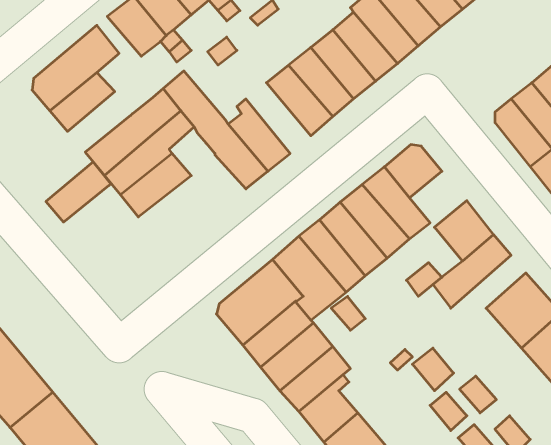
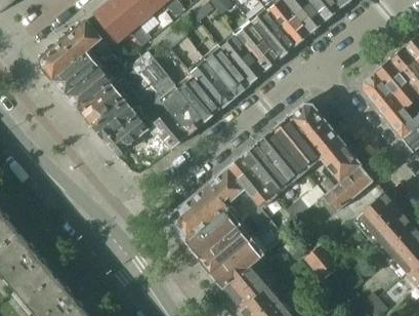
building: none -> [190,61,235,110]
building: none -> [155,110,190,150]
building: [46,162,111,222] -> [66,67,111,109]
building: none -> [303,122,343,161]

